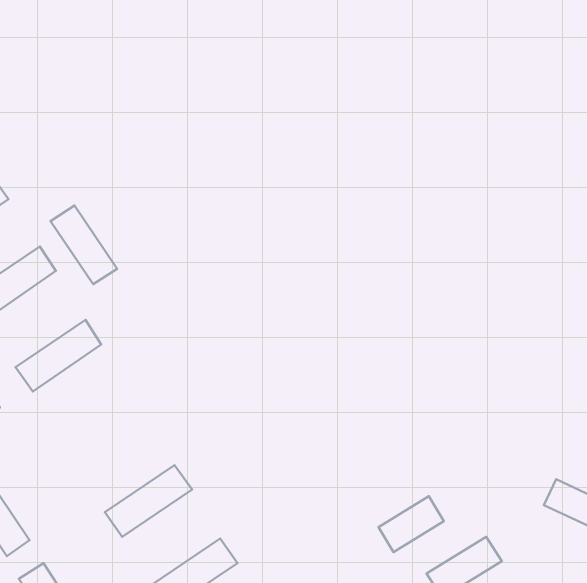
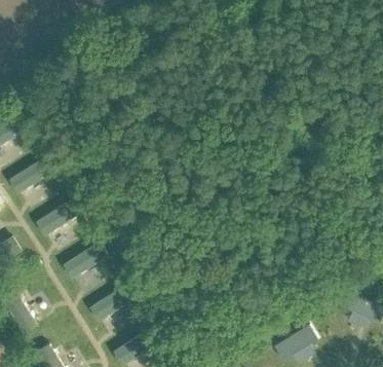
building: [51,206,117,284] -> none
building: none -> [56,241,108,283]
building: [379,496,444,552] -> none

